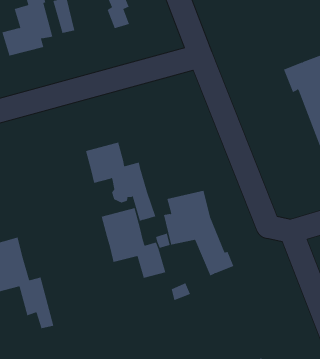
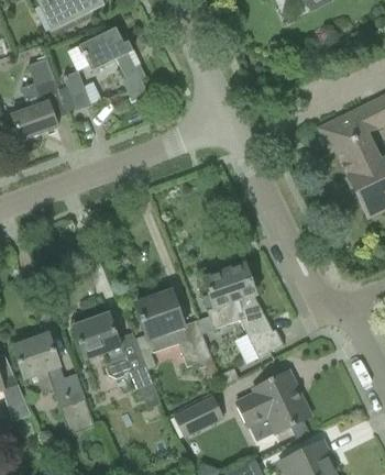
building: [85,142,156,221] -> [73,312,155,396]
building: none -> [234,369,306,433]
building: none -> [183,395,223,434]

